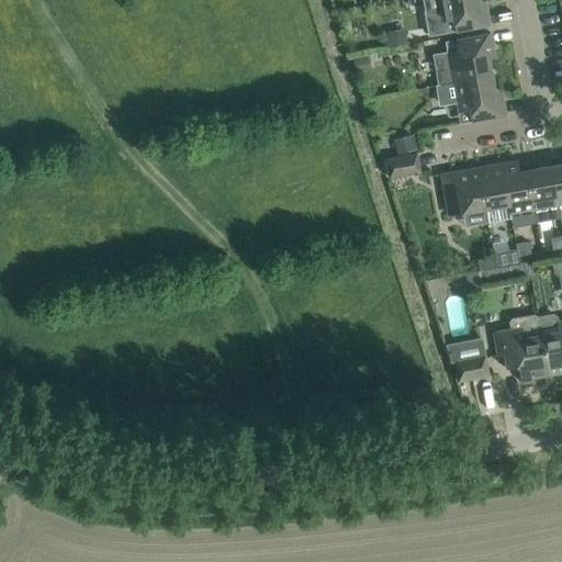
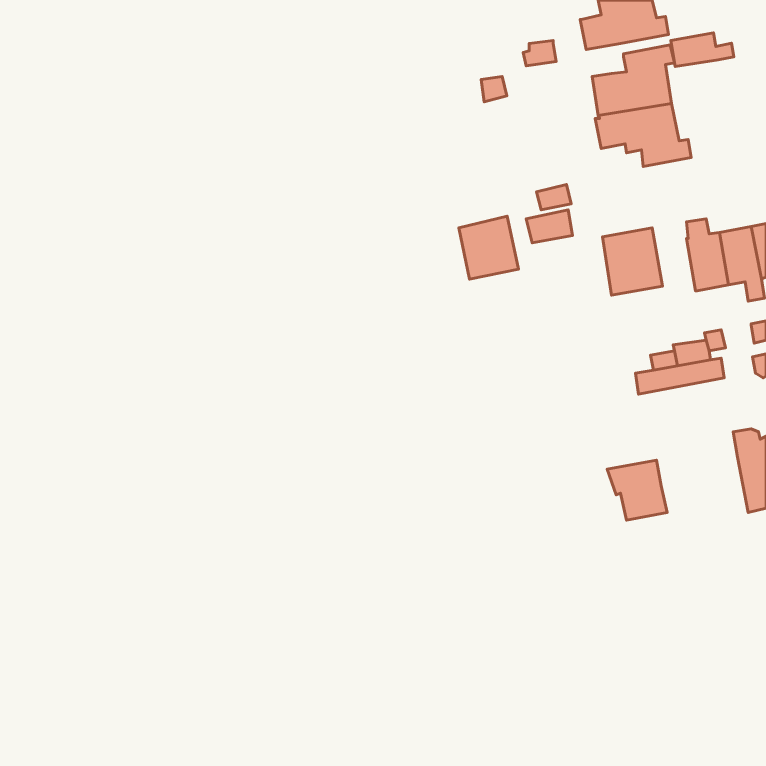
building: none -> [671,33,734,66]
building: none -> [459,216,518,279]
building: [477,162,512,223] -> none
building: [493,327,548,383] -> none

